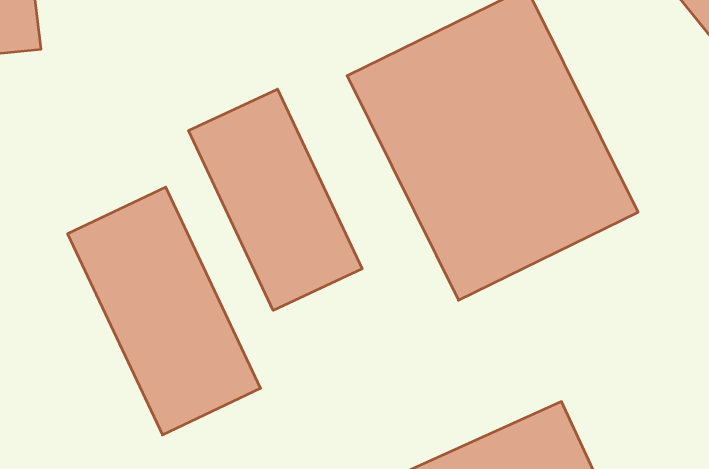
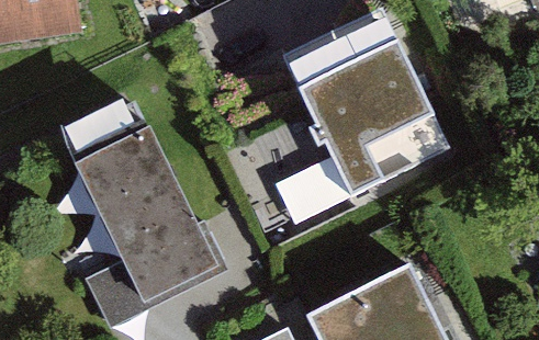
building: [189,89,362,310] -> none

